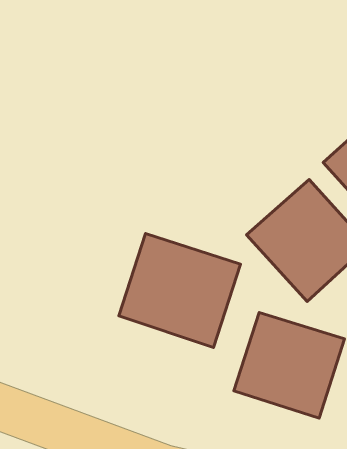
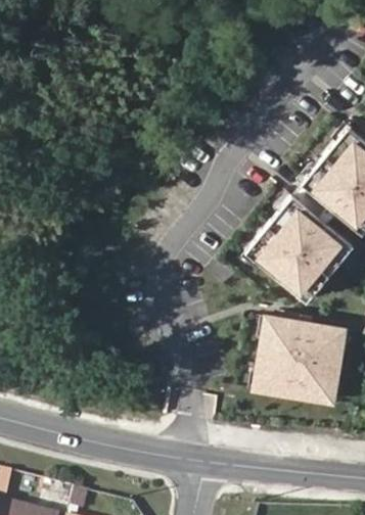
building: [119,234,241,348] -> none

